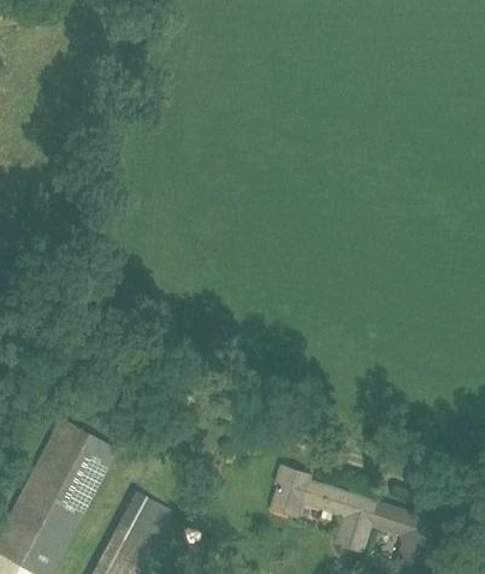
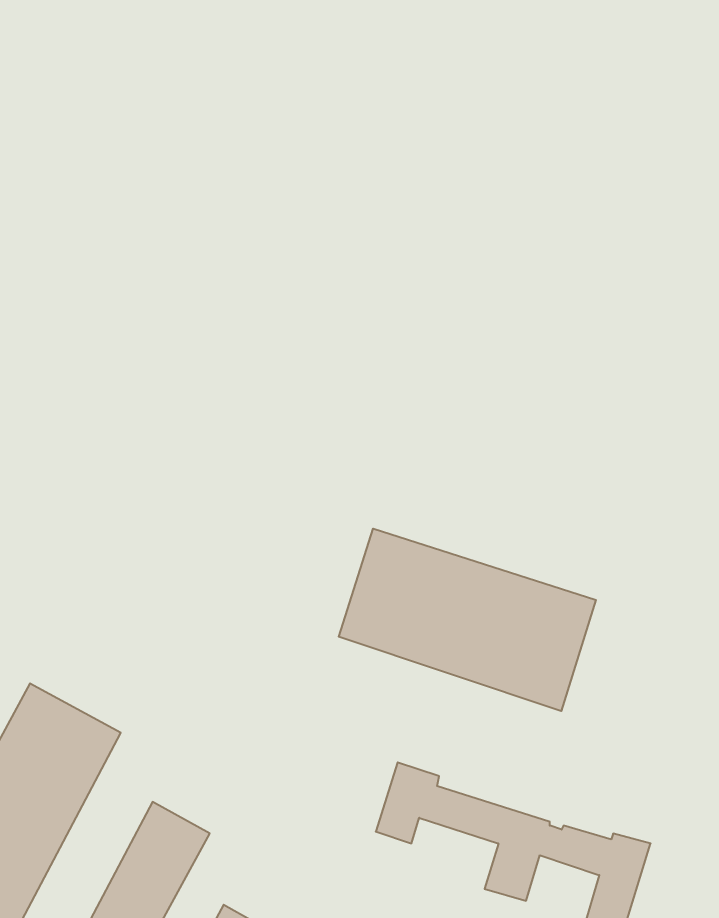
building: none -> [339,529,596,711]

